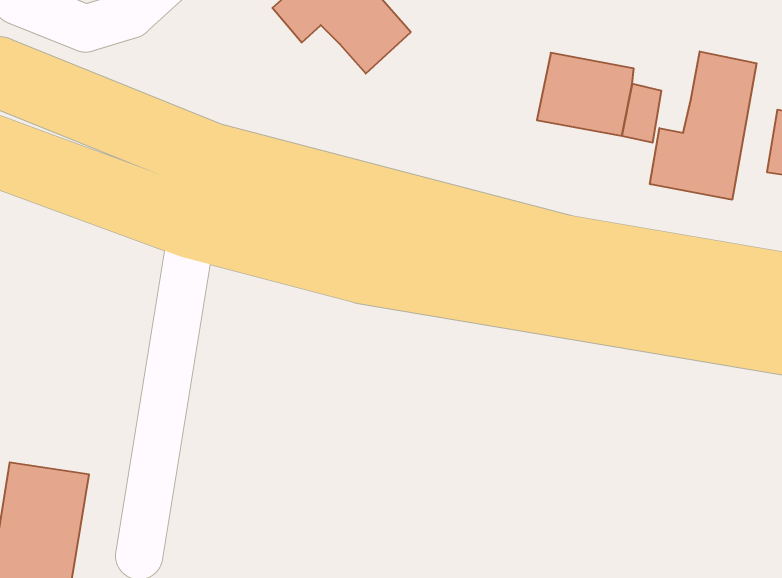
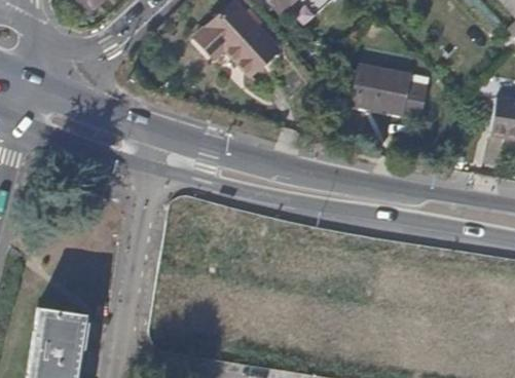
building: [650,51,757,200] -> none

